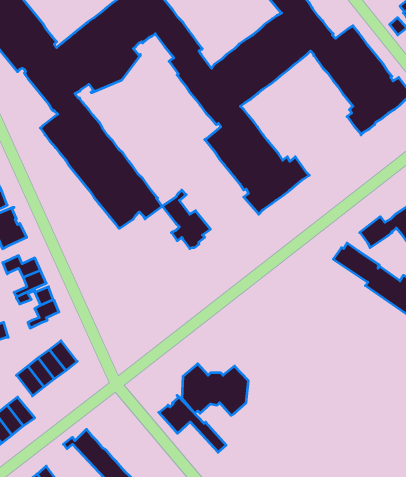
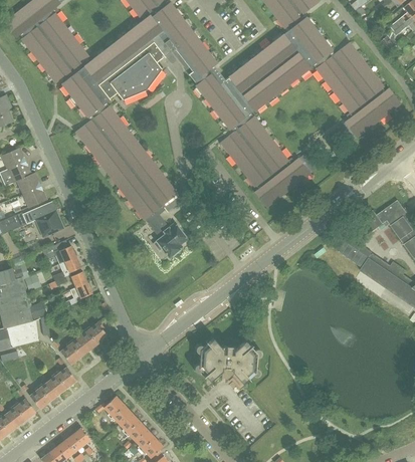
building: [162,190,210,249] -> [145,206,187,257]
building: [159,395,226,452] -> none

